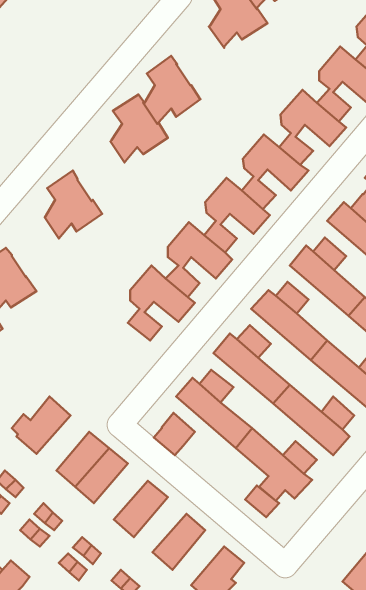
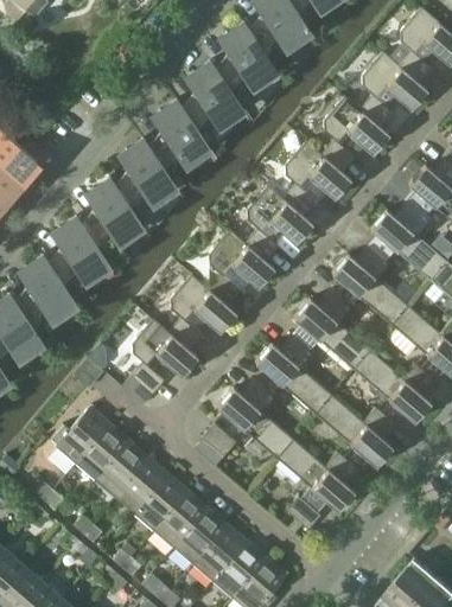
building: none -> [218,25,278,107]
building: none -> [119,141,177,211]
building: none -> [52,219,110,288]
building: none -> [132,321,199,397]
building: none -> [77,428,130,484]
building: none -> [135,477,190,533]
building: none -> [176,511,229,567]
building: none -> [215,544,267,600]

